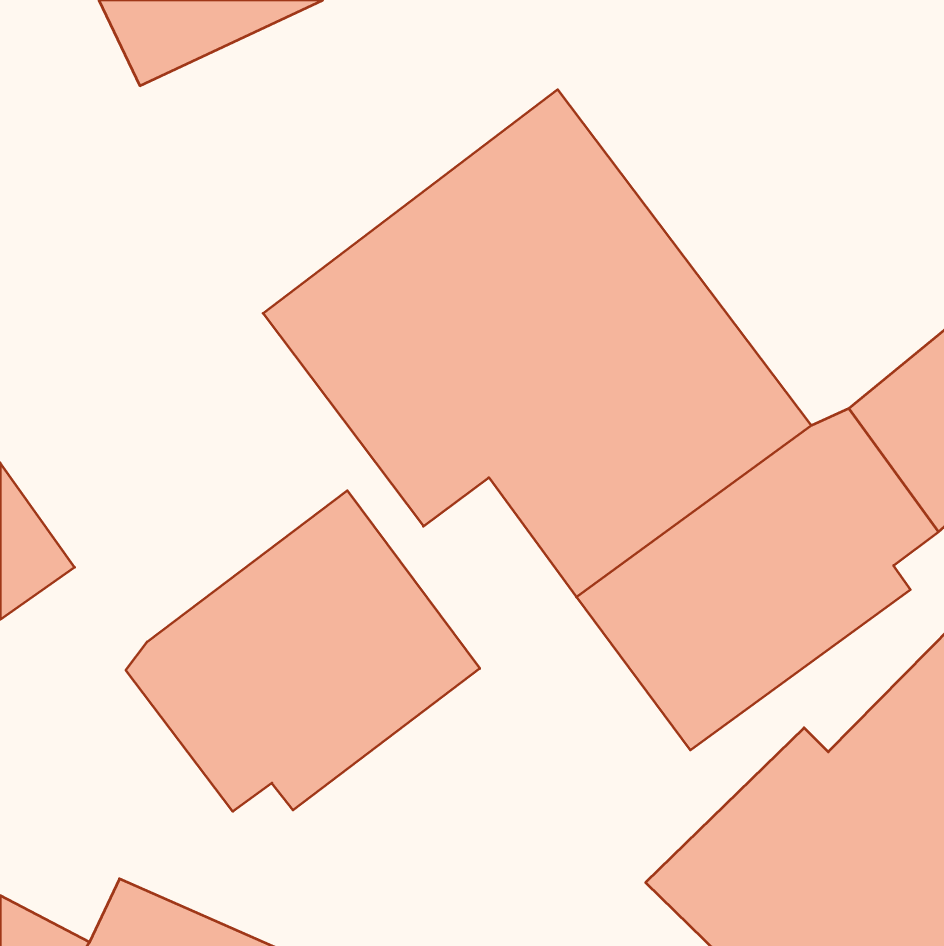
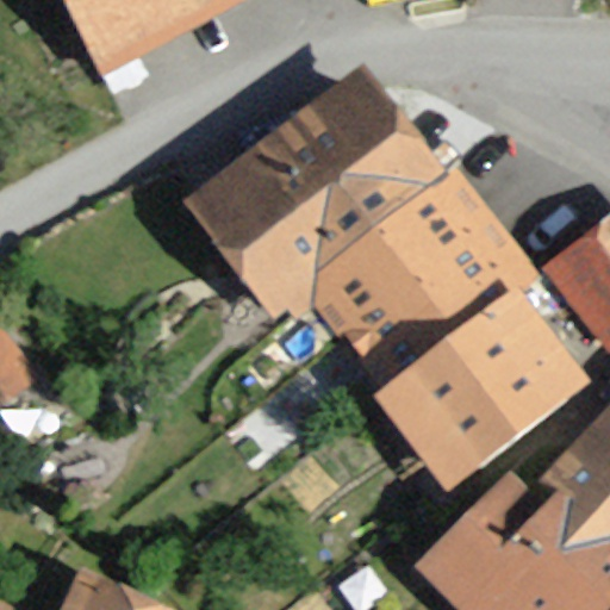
building: [126,491,480,811] -> none

